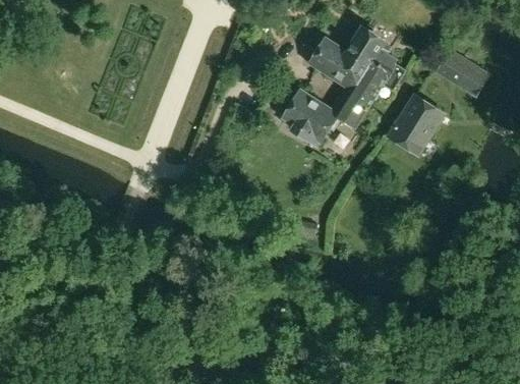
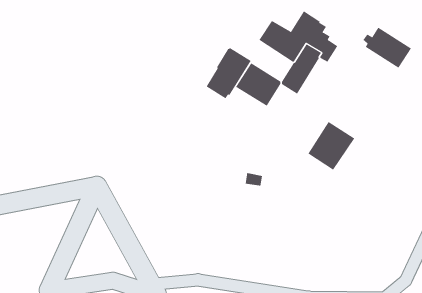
building: none -> [206,48,251,99]
building: [387,96,443,154] -> [307,121,355,171]

